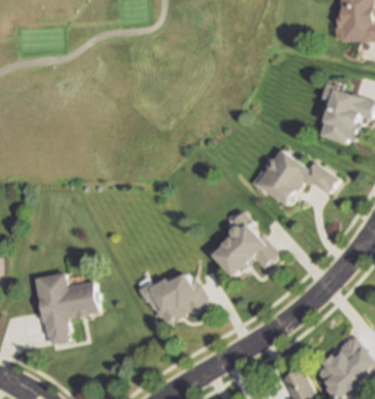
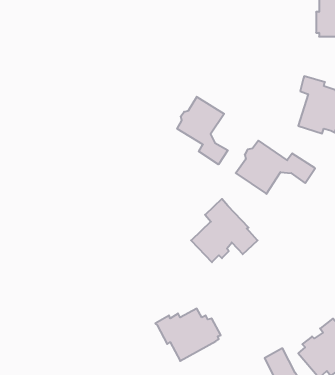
building: none -> [177,97,228,164]
building: [35,272,98,344] -> none
building: [137,273,206,328] -> [155,309,221,361]

